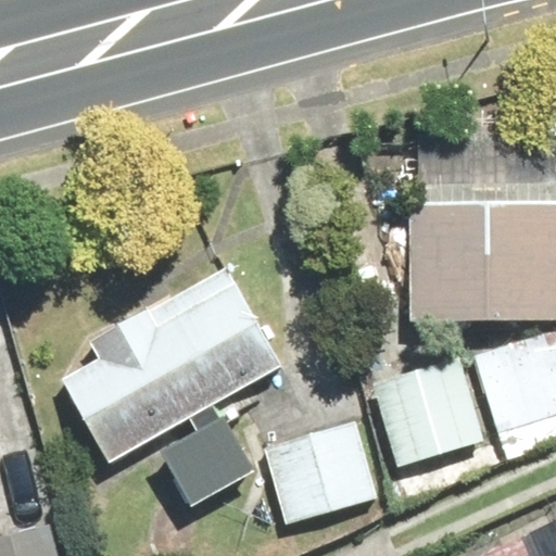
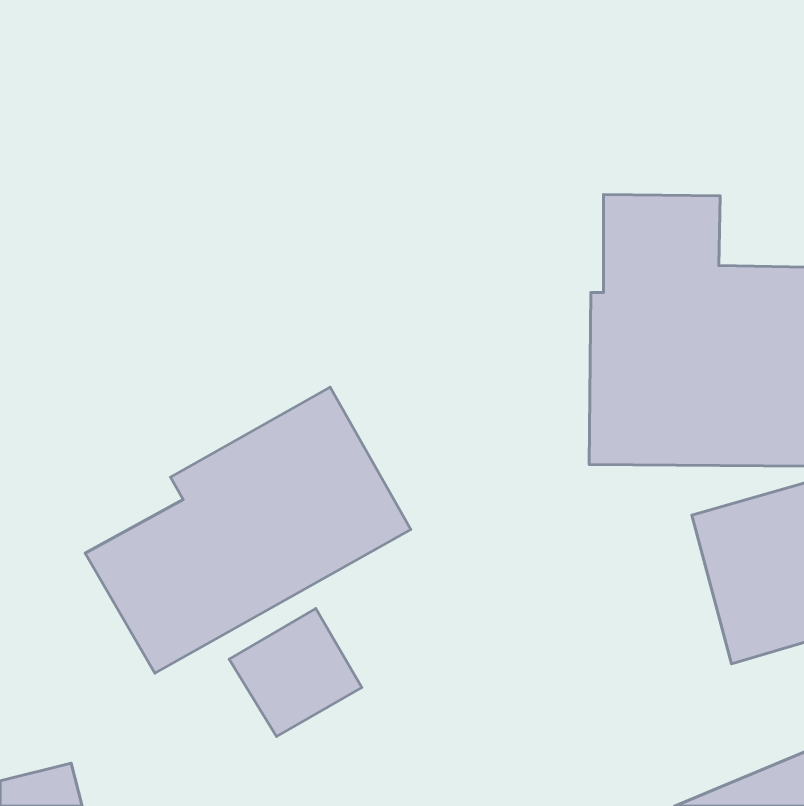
building: [372,356,484,469] -> none
building: [263,421,378,525] -> none

